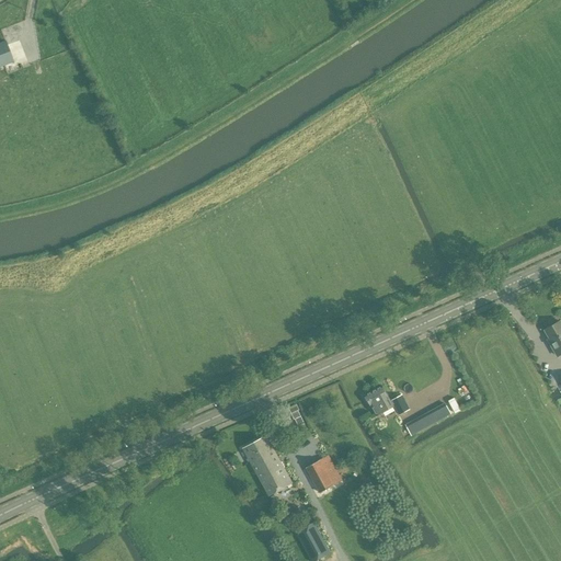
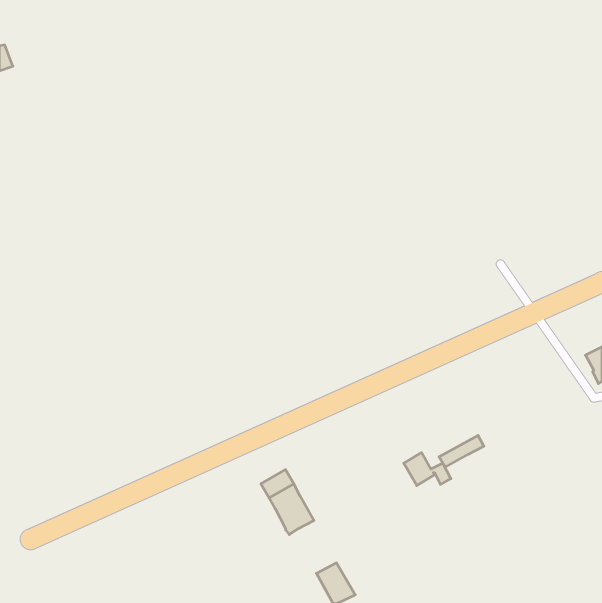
building: [364,386,408,416] -> [404,453,451,486]
building: [305,456,341,493] -> none

